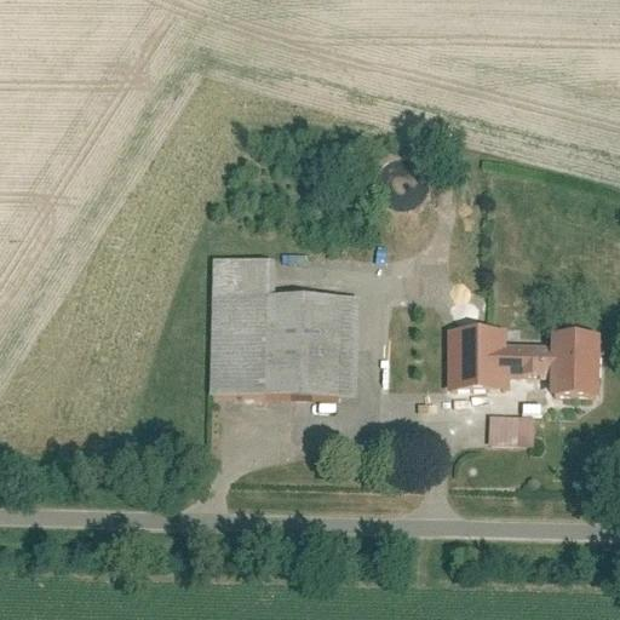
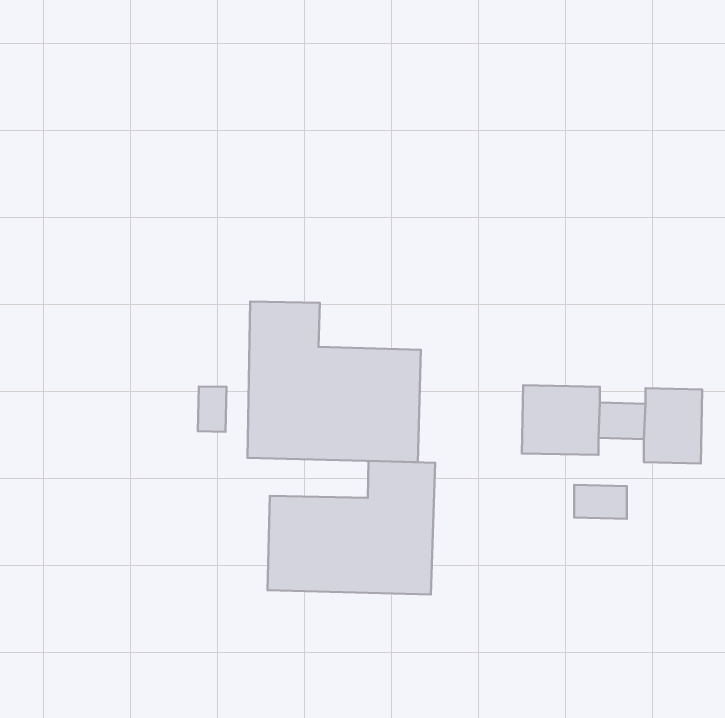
building: none -> [198,387,227,432]
building: none -> [268,461,435,594]

